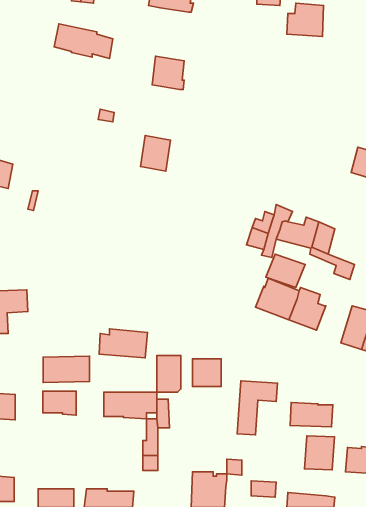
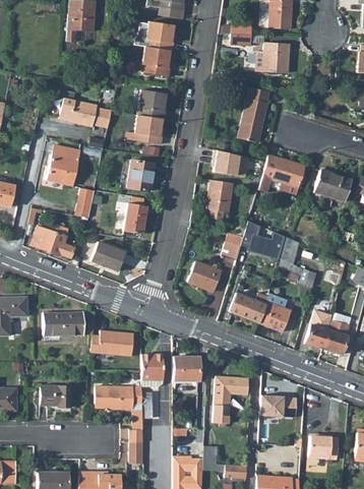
building: none -> [141,47,171,76]
building: [54,24,113,58] -> [60,98,112,128]
building: none -> [238,87,269,142]
building: none -> [126,115,163,144]
building: none -> [48,144,80,185]
building: none -> [214,149,249,177]
building: none -> [258,155,306,194]
building: none -> [206,180,233,220]
building: none -> [75,188,96,218]
building: none -> [124,203,147,234]
building: none -> [32,225,75,257]
building: none -> [92,242,126,271]
building: [266,254,305,288] -> [188,261,223,291]
building: [43,356,89,383] -> [44,312,84,335]
building: [305,436,335,470] -> none

